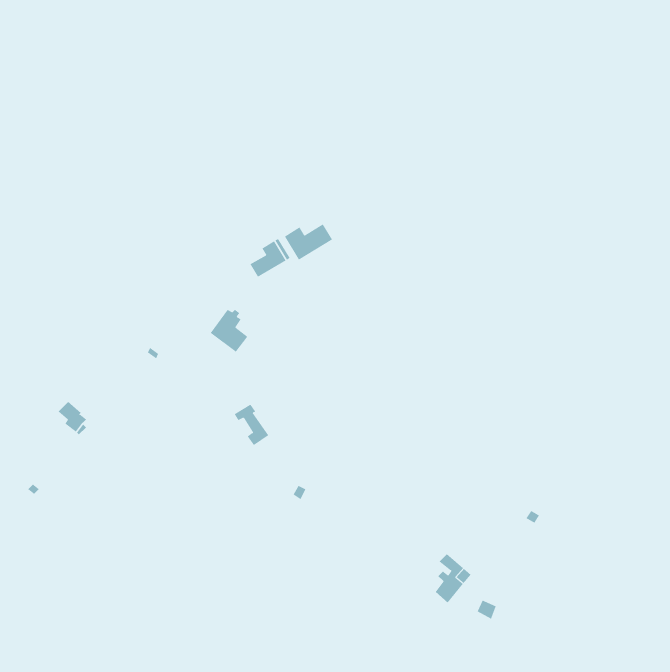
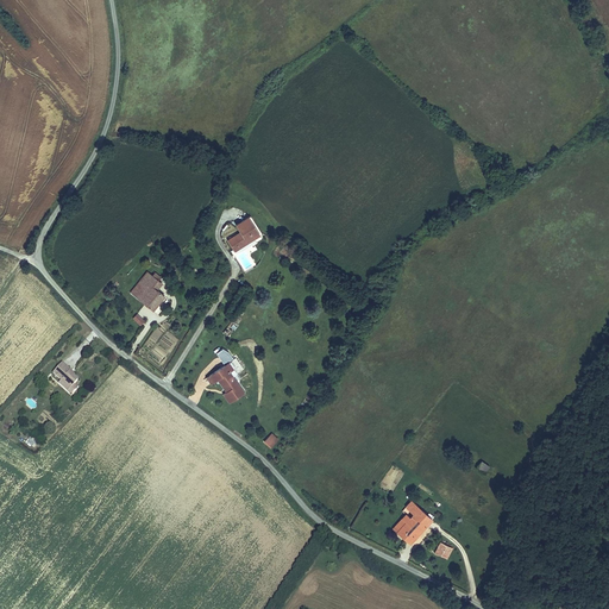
building: [284,223,333,260] -> none
building: [210,309,248,352] -> [131,271,165,310]

